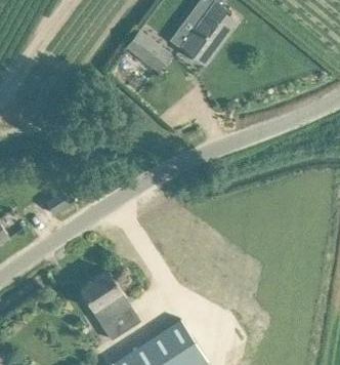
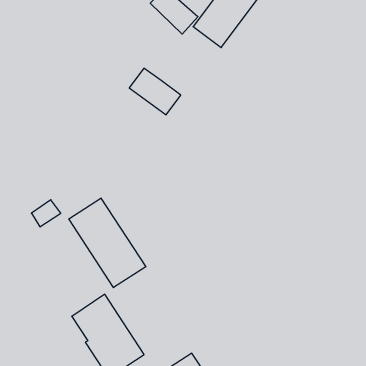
building: [126,32,169,71] -> [129,68,181,115]
building: none -> [69,198,146,288]

